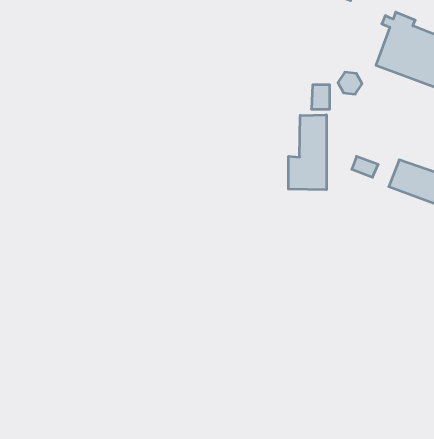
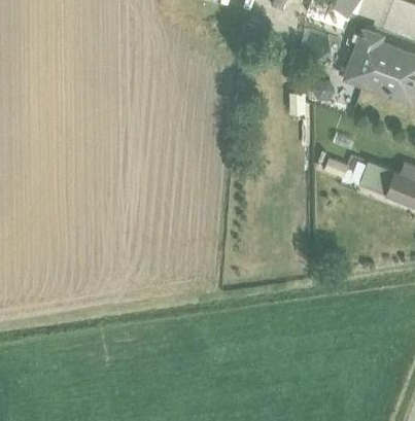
building: [288,115,326,190] -> none

